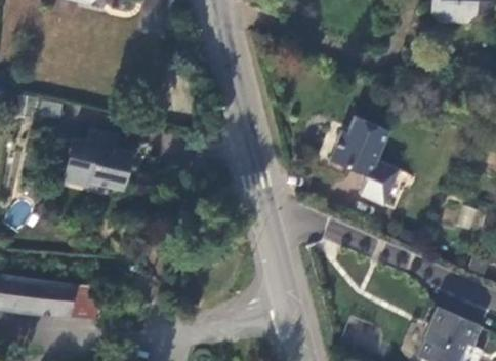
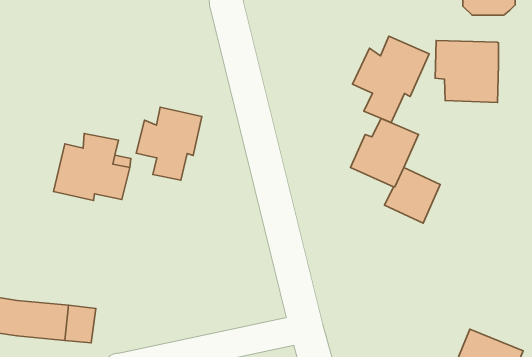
building: none -> [352,36,429,122]
building: none -> [435,41,499,103]
building: none -> [136,107,202,180]

